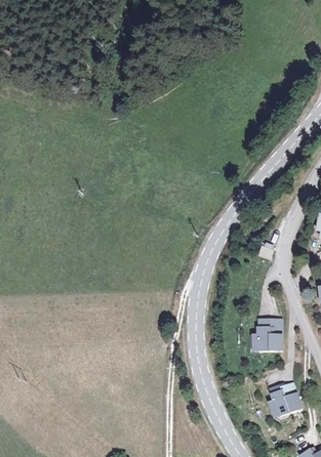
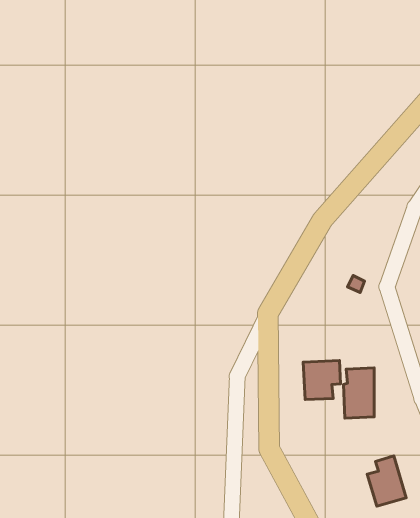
building: none -> [303,361,340,400]

